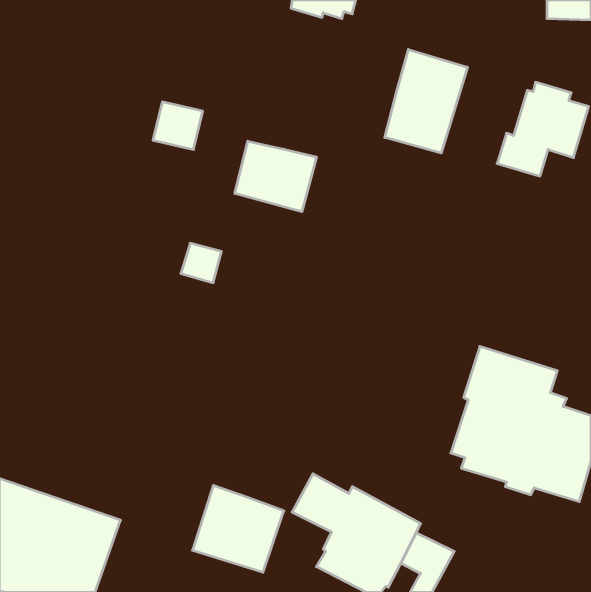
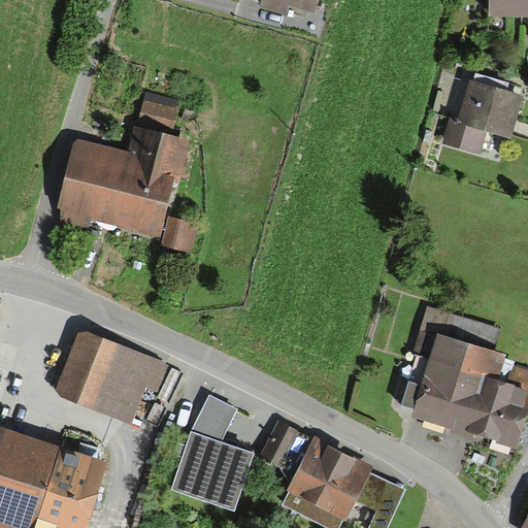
building: [385,49,467,153] -> none
building: [235,141,316,212] -> none
building: none -> [57,128,191,238]
building: none -> [56,333,173,425]
building: none -> [190,395,238,442]

